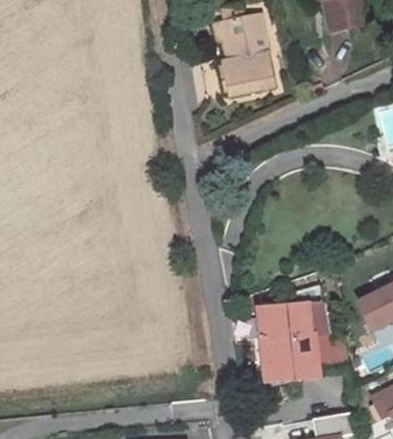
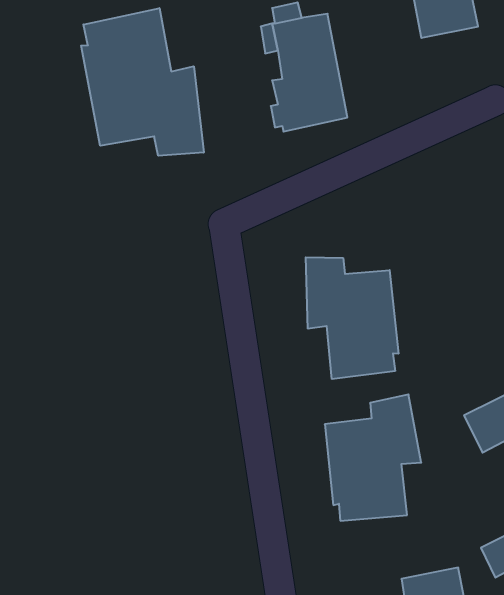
building: none -> [81,8,204,156]
building: none -> [306,257,398,379]

